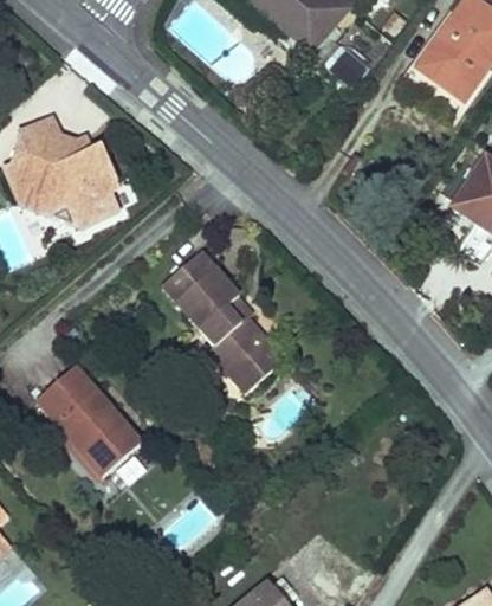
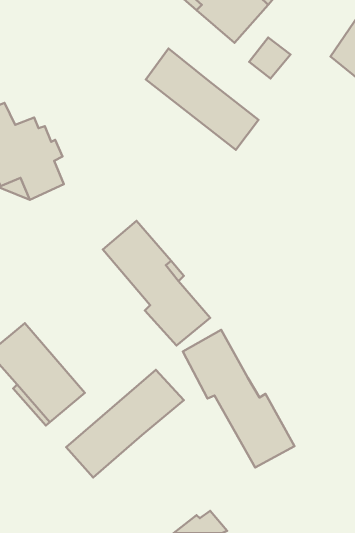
building: none -> [146,49,259,150]
building: none -> [183,330,294,468]
building: none -> [66,370,184,478]

